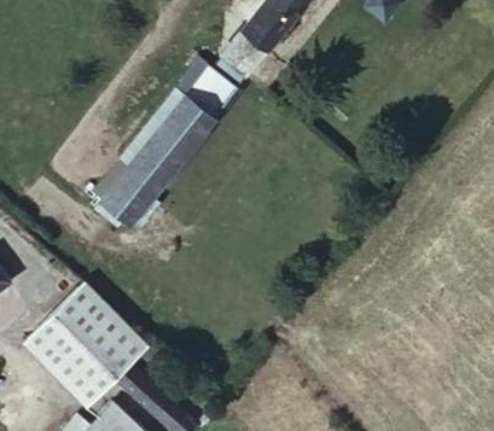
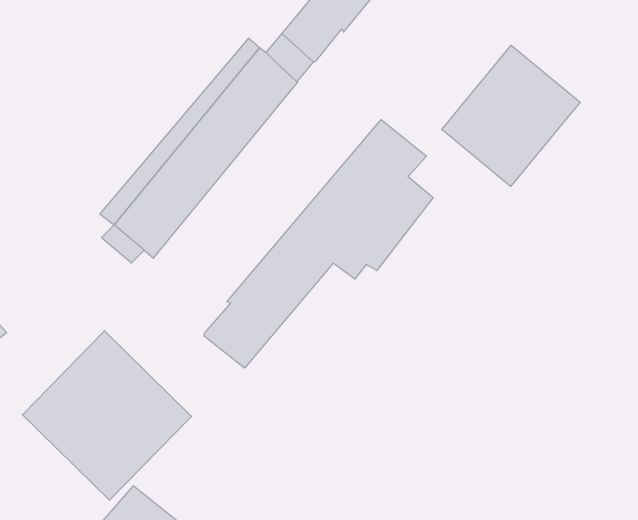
building: none -> [442,45,580,186]
building: none -> [204,120,433,368]

